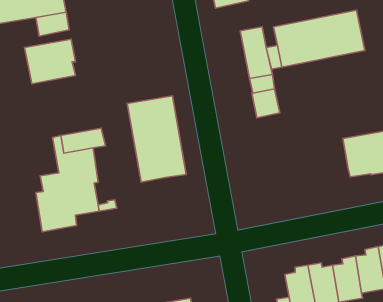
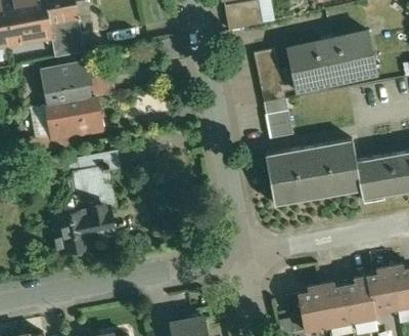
building: none -> [48,98,102,138]
building: [127,96,186,182] -> none
building: none -> [266,140,361,205]

